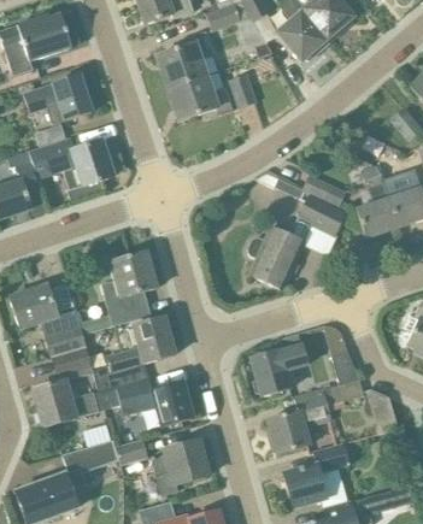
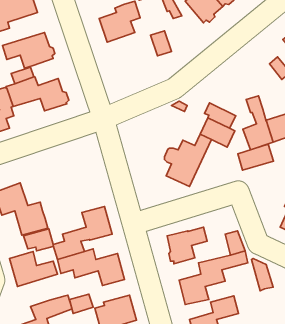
building: [168,75,234,120] -> none
building: none -> [238,144,273,170]
building: [101,251,157,324] -> none

